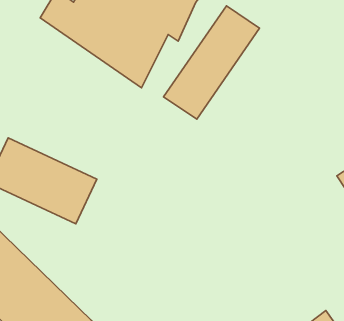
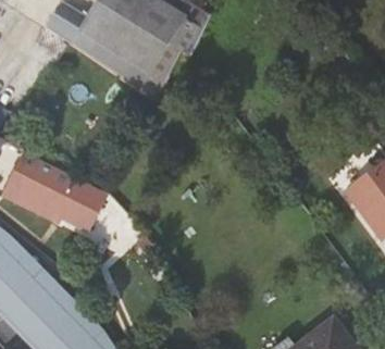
building: [164,6,260,119] -> none

